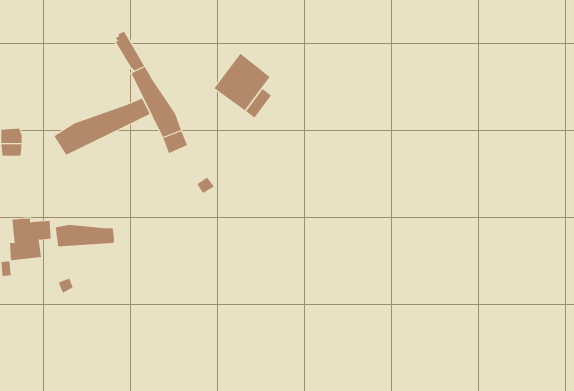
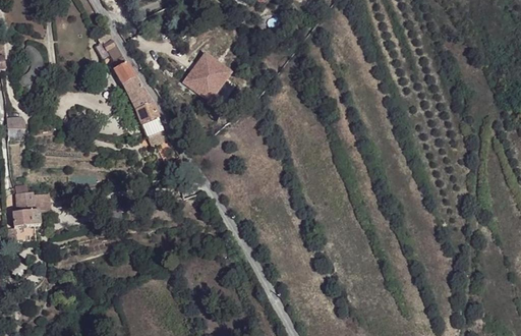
building: [54,98,150,156] -> none
building: [55,224,114,247] -> none

